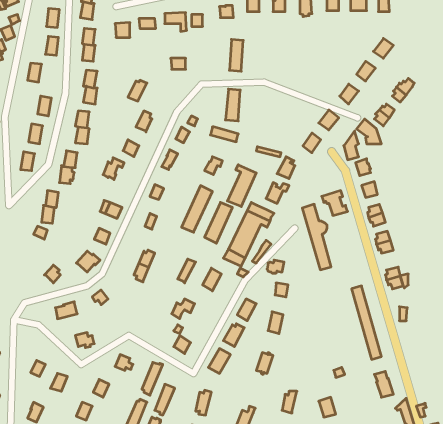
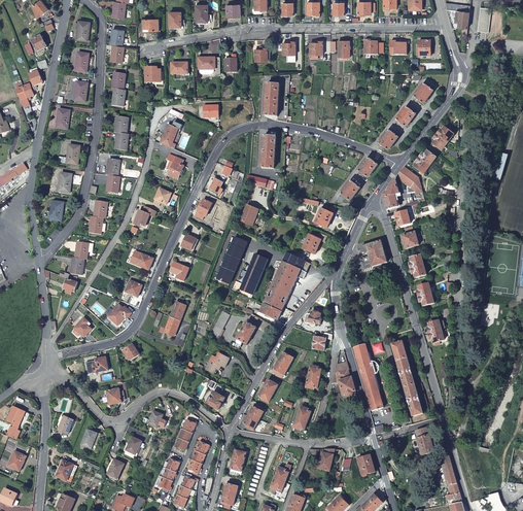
building: [227,165,256,207] -> none
building: [302,204,331,270] -> [352,342,382,410]
building: none -> [332,361,354,396]

